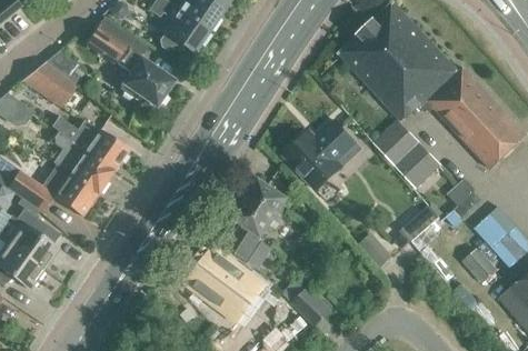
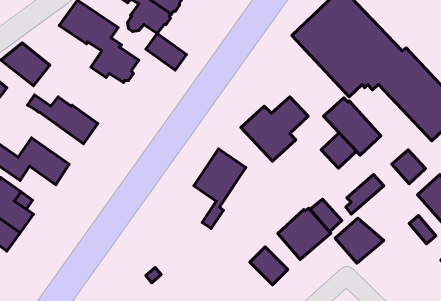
building: [44,50,86,87] -> none
building: none -> [146,34,186,70]
building: [52,134,111,194] -> none
building: none -> [321,133,357,168]
building: none -> [278,208,331,260]
building: [188,249,263,322] -> none
building: none -> [335,218,384,263]

